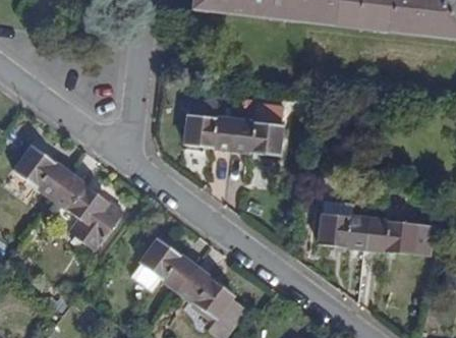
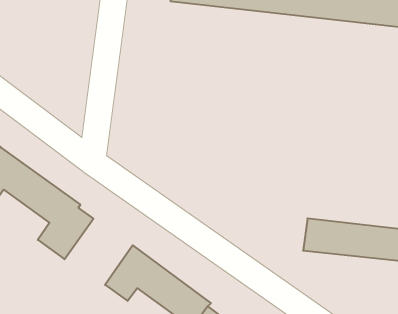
building: [186,100,282,154] -> none

